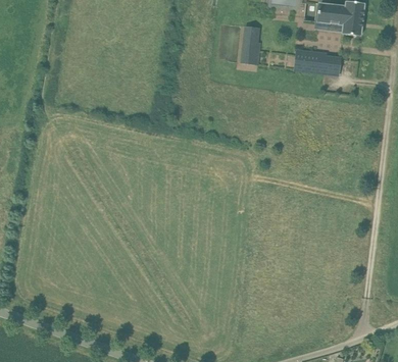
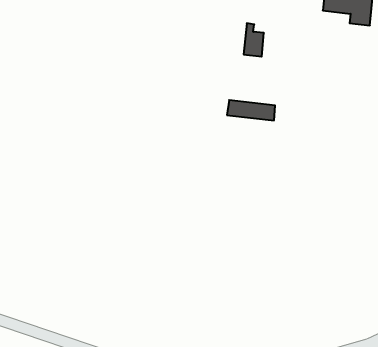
building: [294,55,340,74] -> [227,100,275,120]

